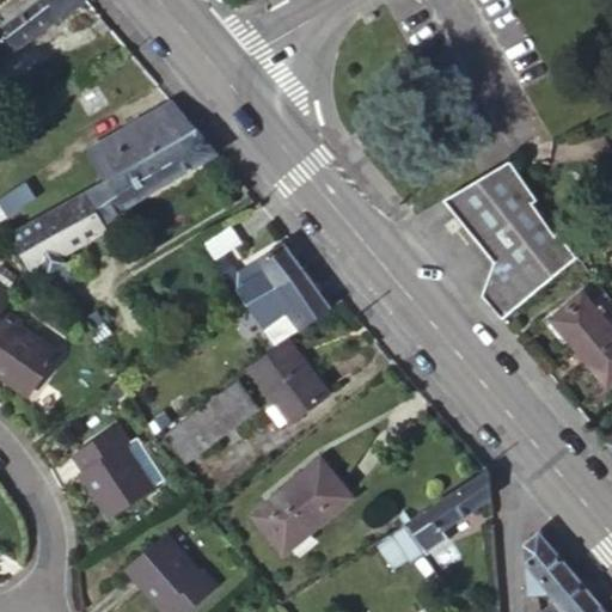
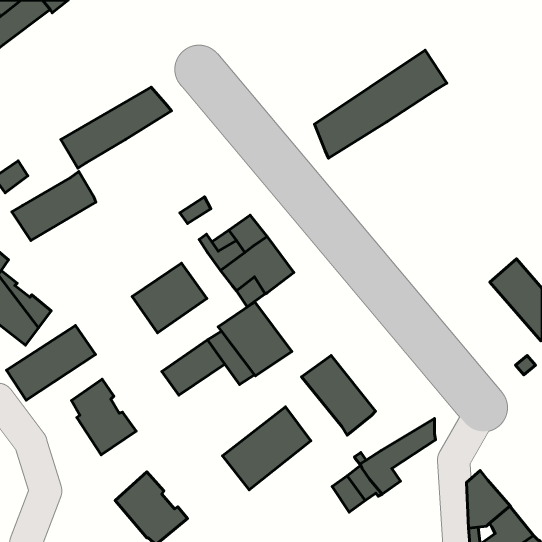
building: none -> [315,50,447,158]
building: [87,127,214,224] -> none
building: [445,163,576,319] -> none
building: none -> [132,263,207,333]
building: none -> [7,326,95,400]
building: none -> [301,356,376,435]

